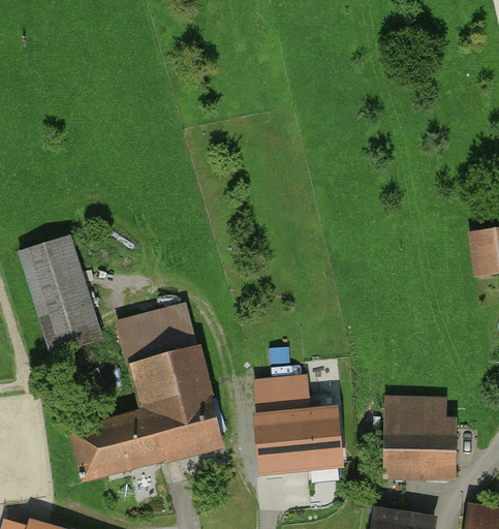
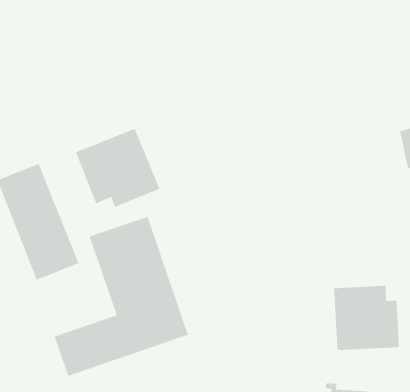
building: none -> [75,128,161,208]
building: [253,376,339,470] -> none

